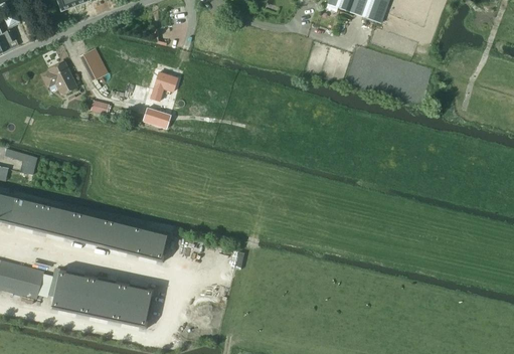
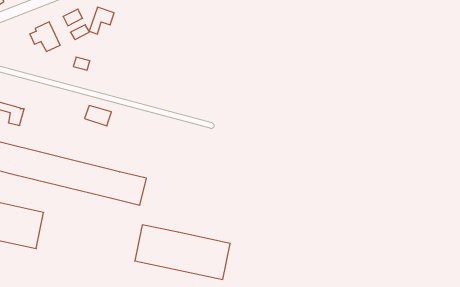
building: [150,71,177,101] -> [89,7,114,34]
building: [142,107,171,129] -> [85,106,111,126]
building: [50,269,154,328] -> [135,225,230,279]

